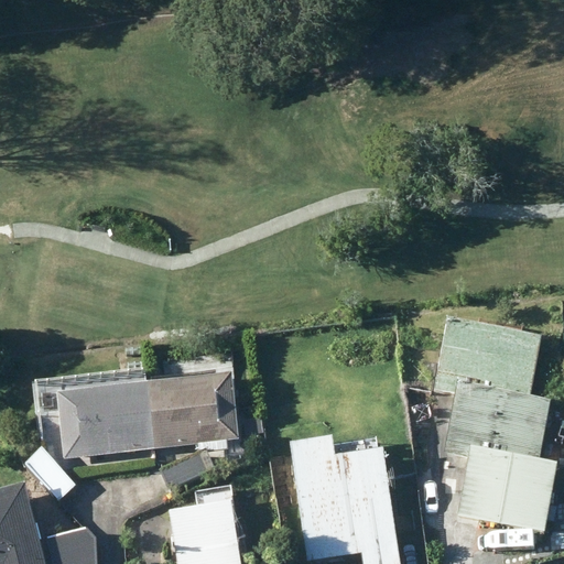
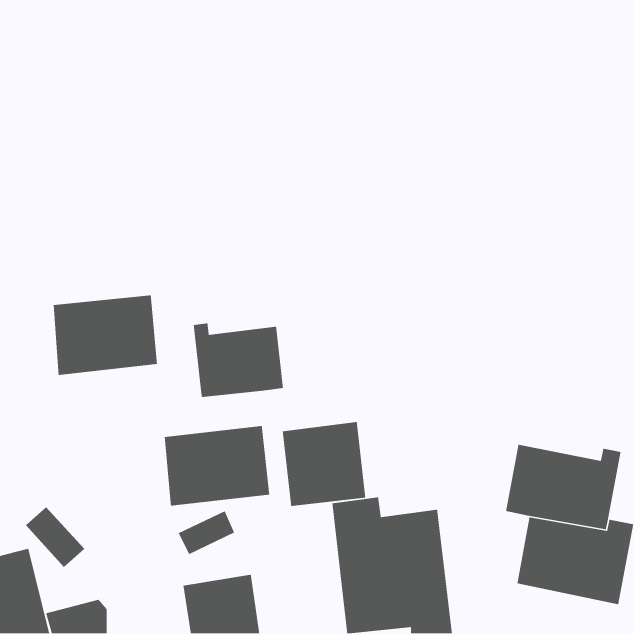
building: none -> [193,323,284,398]
building: [436,317,542,405] -> none
building: none -> [282,421,366,507]
building: [57,384,150,456] -> [53,294,158,376]

